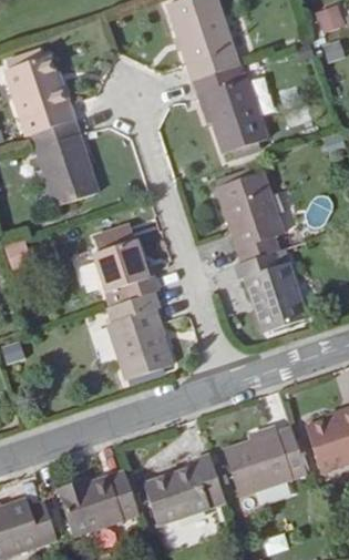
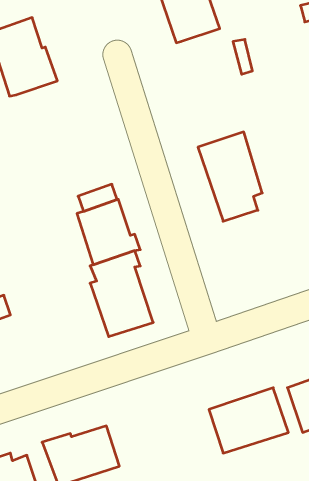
building: [199,64,267,152] -> none
building: [32,119,99,205] -> none
building: [238,251,307,332] -> none
building: [144,454,225,521] -> none

